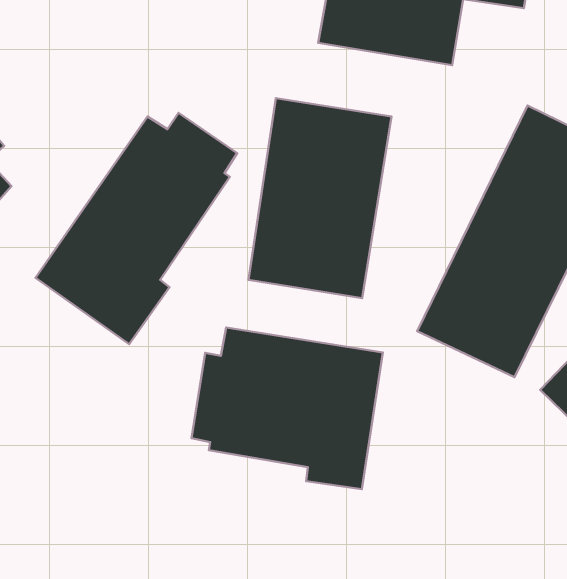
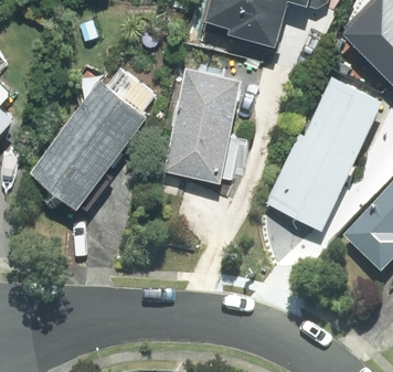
building: [191,327,383,489] -> none

